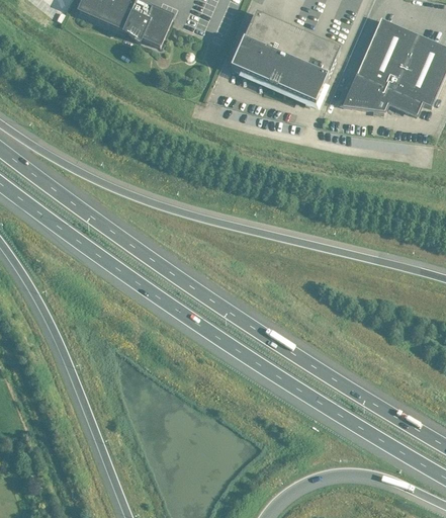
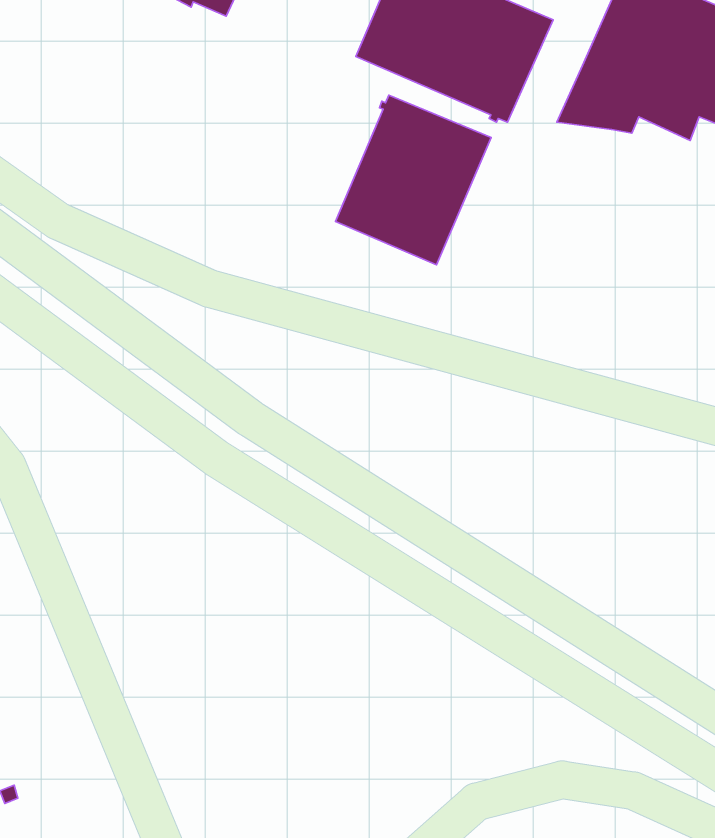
building: none -> [336,95,491,265]

